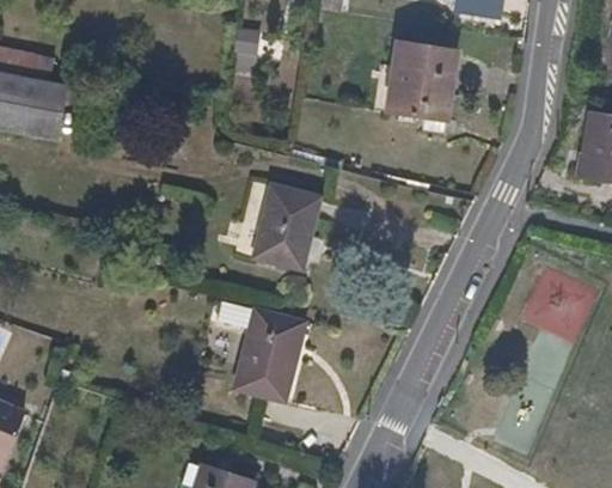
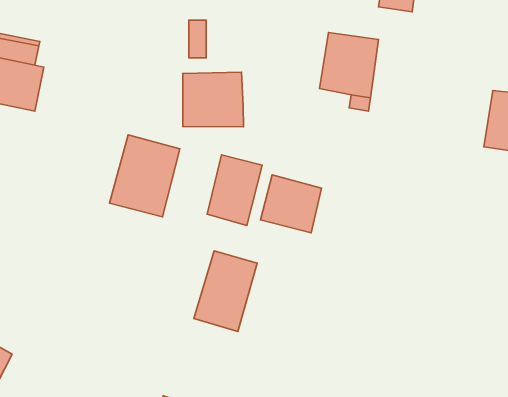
building: none -> [183,72,243,127]
building: none -> [109,135,180,217]
building: none -> [260,175,322,233]

